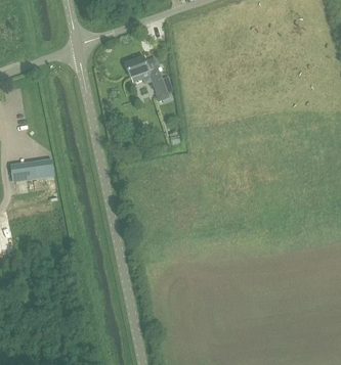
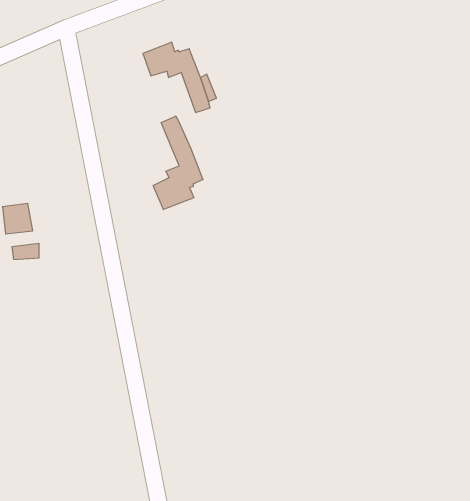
building: none -> [153,116,203,210]

